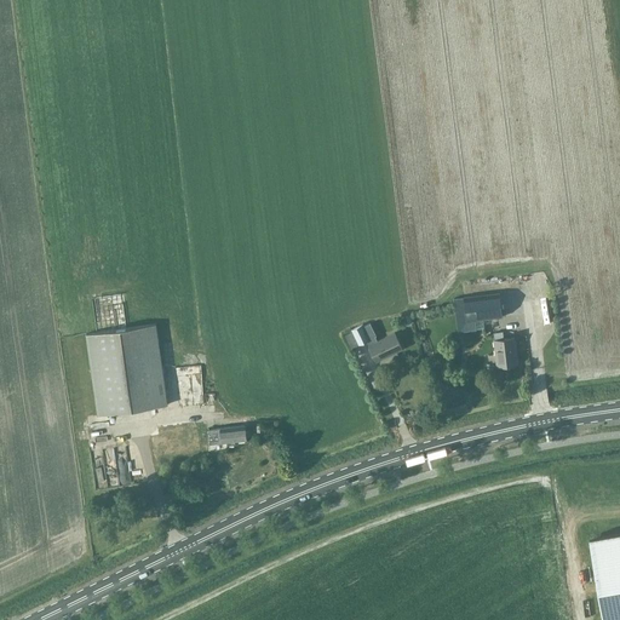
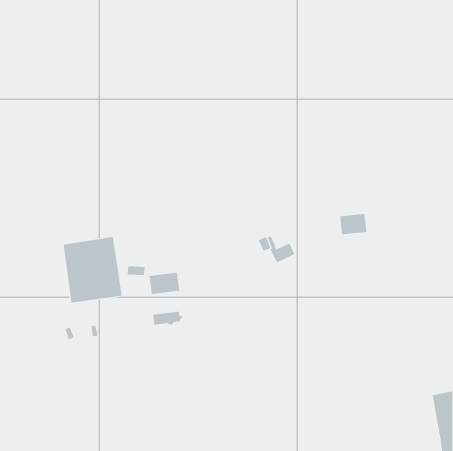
building: [493,334,518,369] -> none
building: none -> [149,272,180,295]

